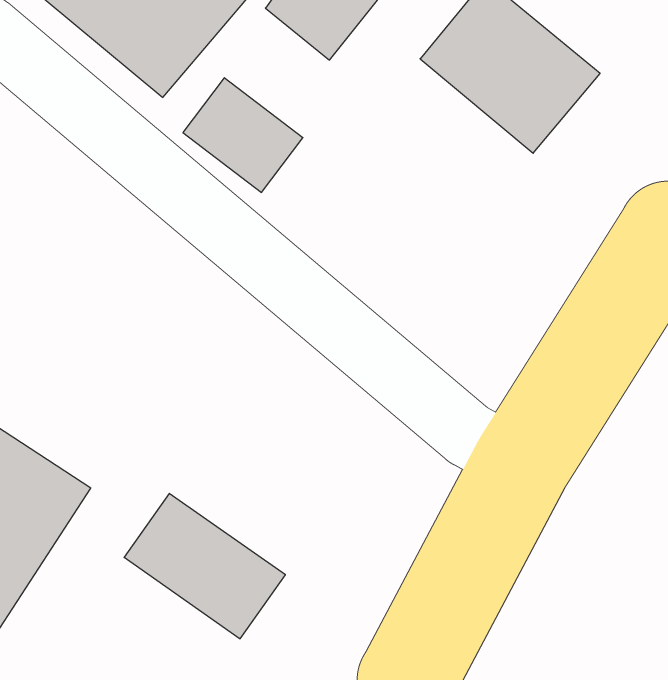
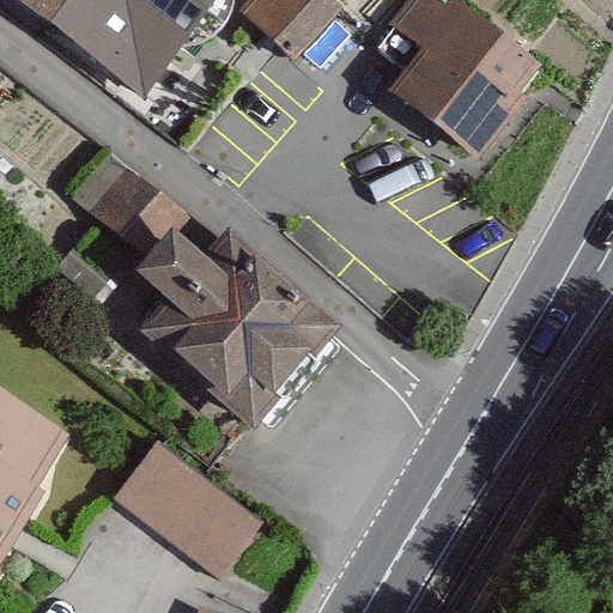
building: [183,78,303,192] -> [62,153,170,256]
building: none -> [122,238,321,432]

